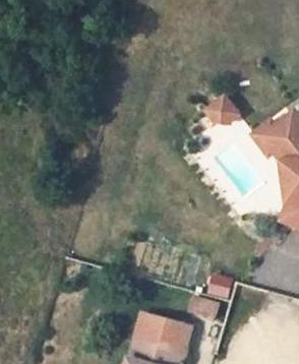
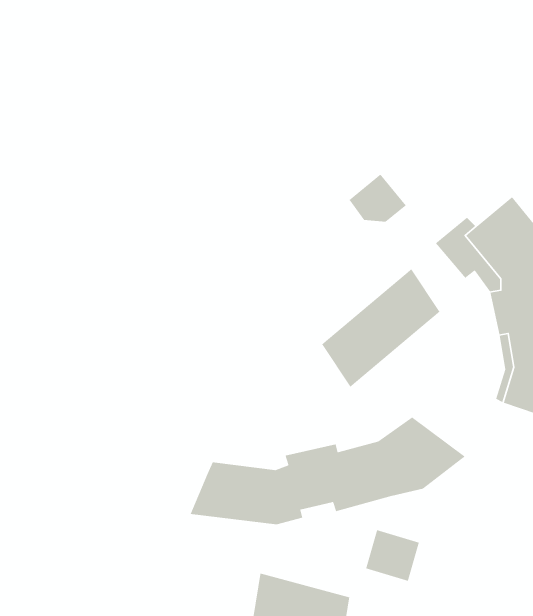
building: none -> [321,268,441,388]
building: none -> [189,417,466,525]

